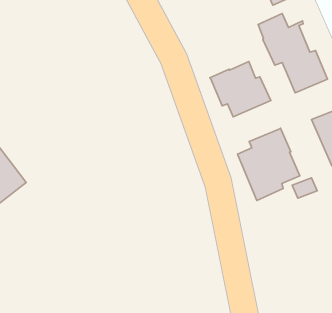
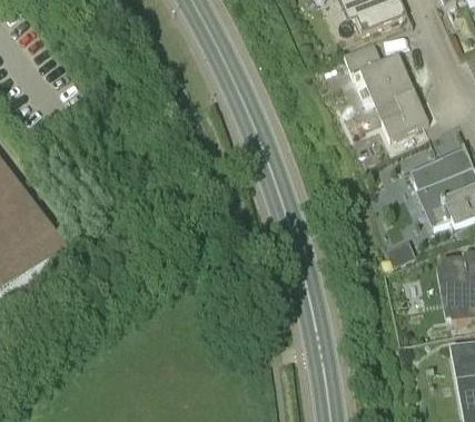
building: [210,62,271,117] -> none
building: [237,128,300,201] -> none

